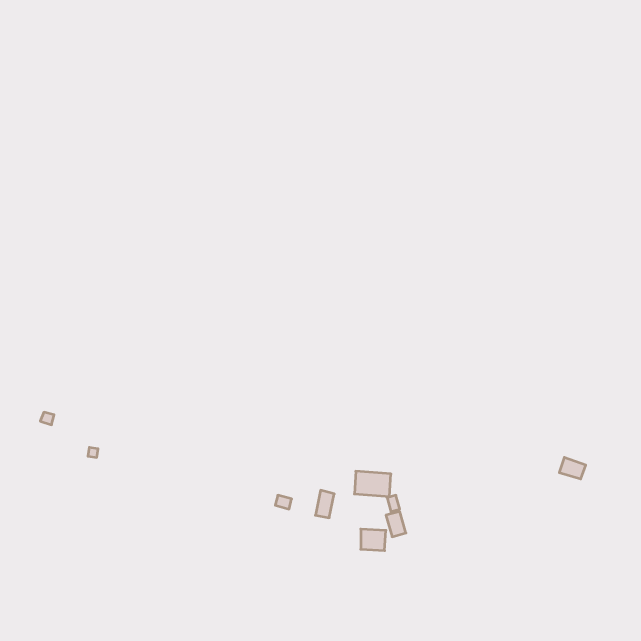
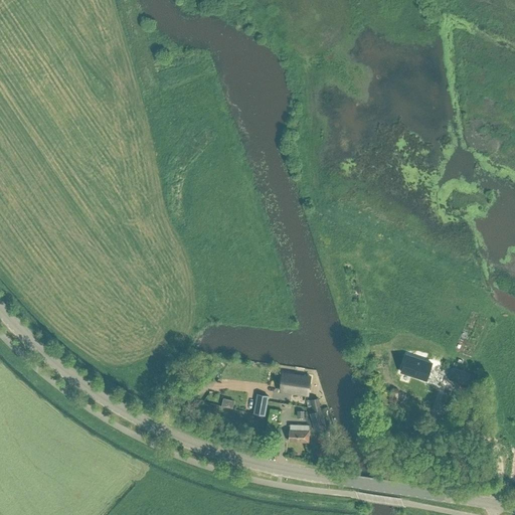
building: none -> [400,353,431,378]

